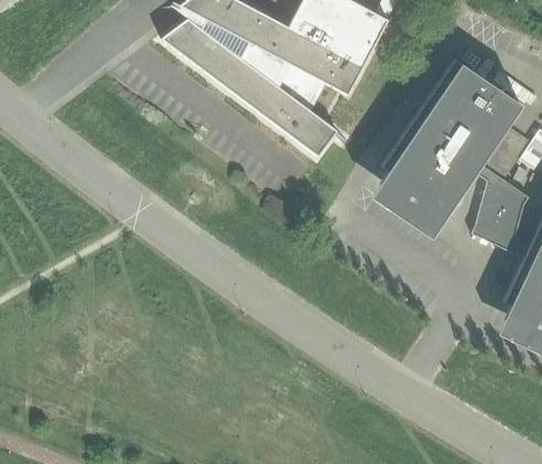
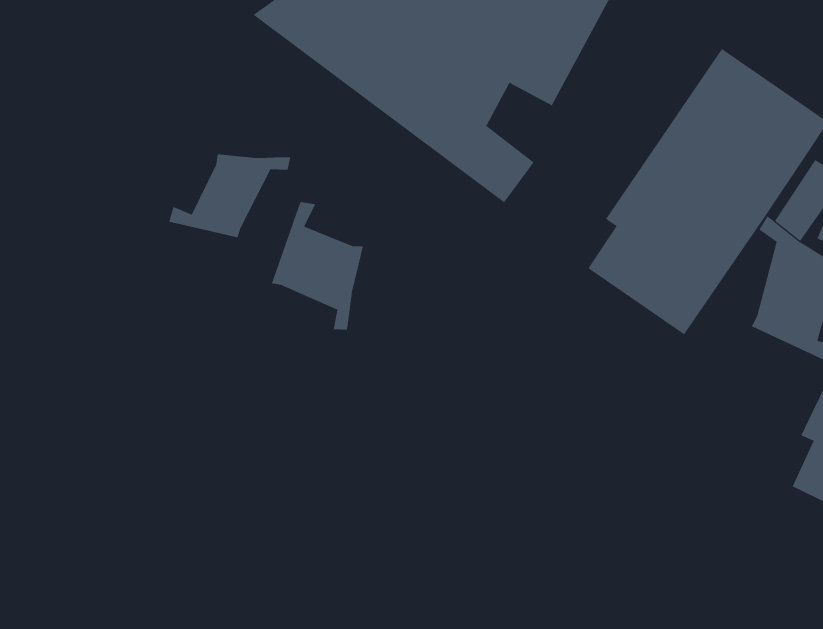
building: none -> [169,154,291,238]
building: none -> [271,201,363,331]

